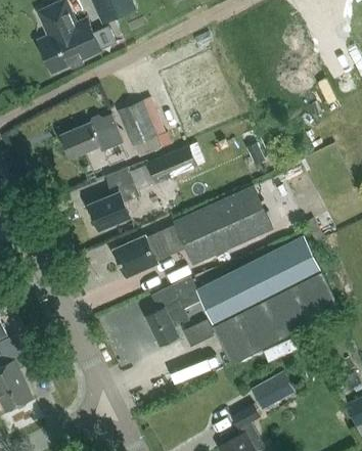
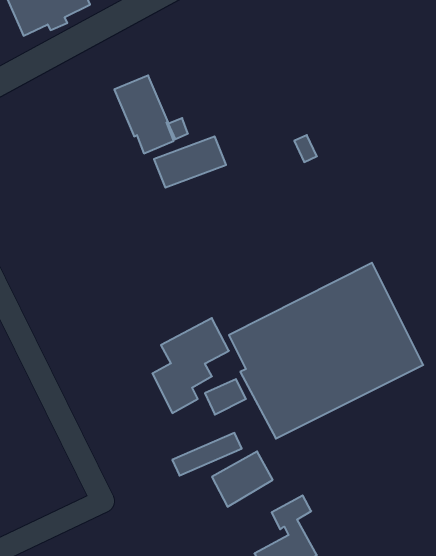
building: [60,114,123,157] -> none
building: [89,167,139,228] -> none
building: [114,191,261,277] -> none
building: [251,371,295,411] -> [212,451,273,507]

